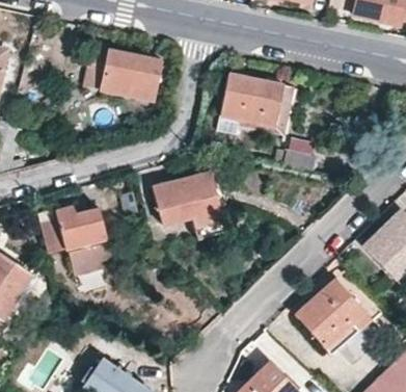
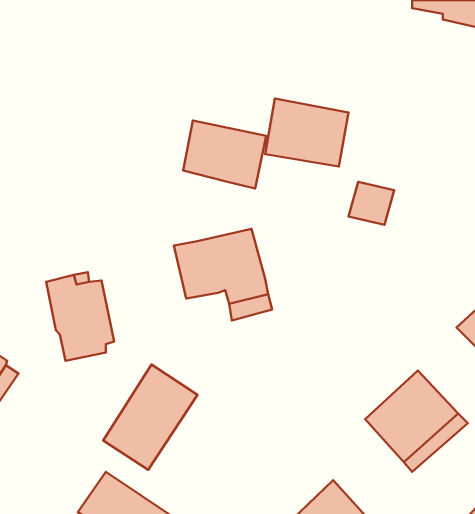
building: [99,49,161,100] -> [183,121,266,189]
building: none -> [103,365,198,470]

